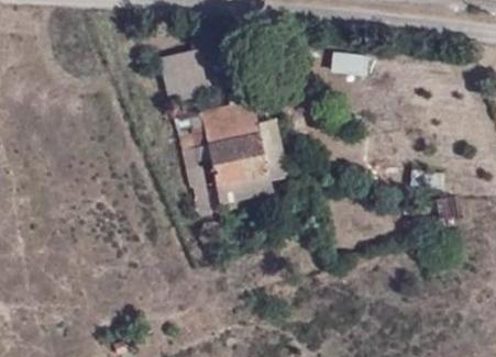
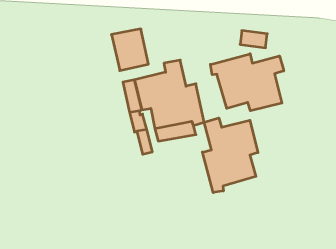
building: none -> [210,54,284,111]
building: none -> [202,118,258,193]

